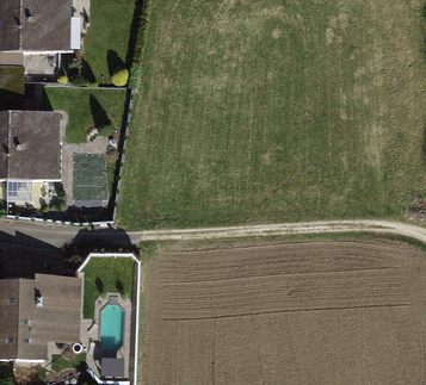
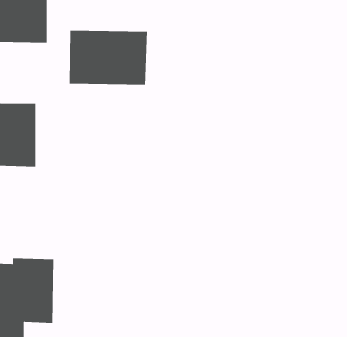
building: none -> [69,30,148,85]

